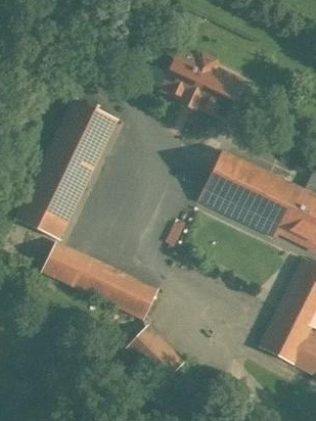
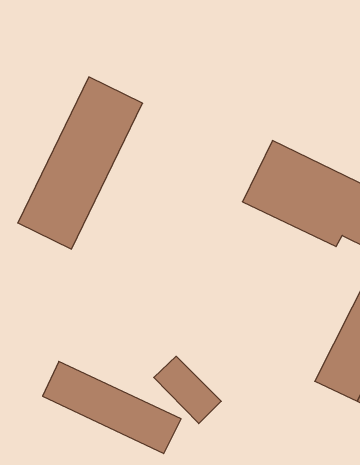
building: [164,52,240,116] -> none
building: [44,242,157,318] -> [43,361,181,454]

